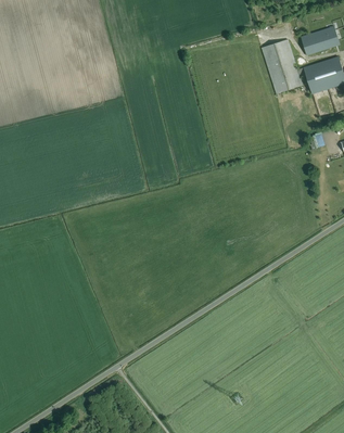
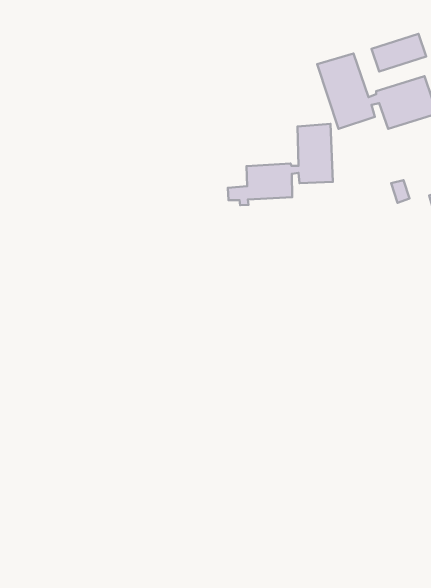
building: none -> [228,124,333,205]

